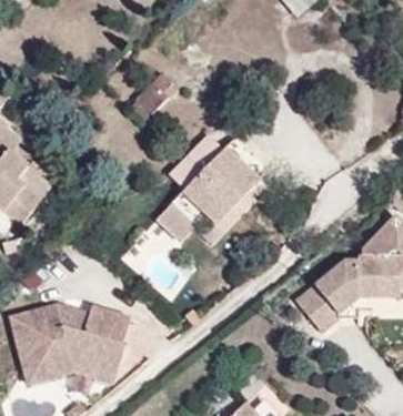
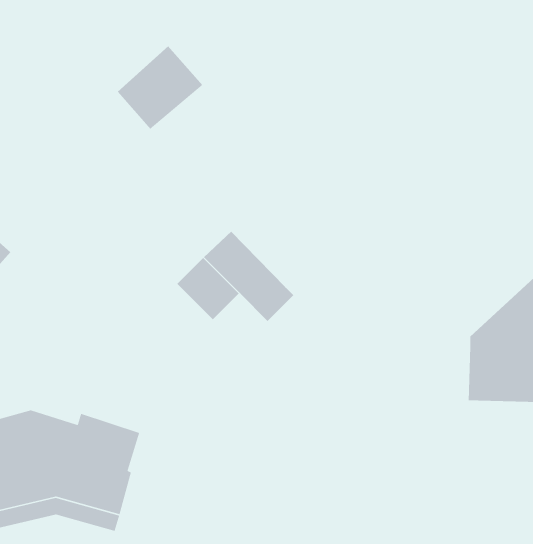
building: [191,146,264,220] -> none
building: [300,260,356,331] -> none

